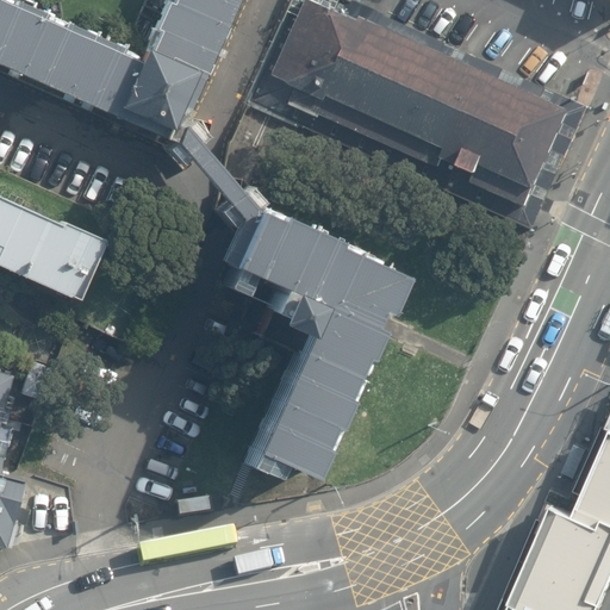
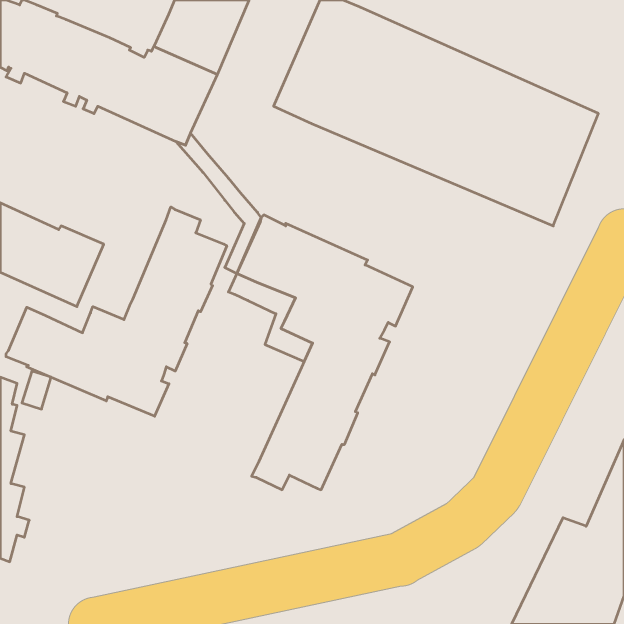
building: none -> [6,207,227,416]

